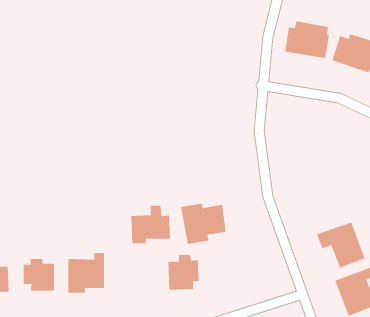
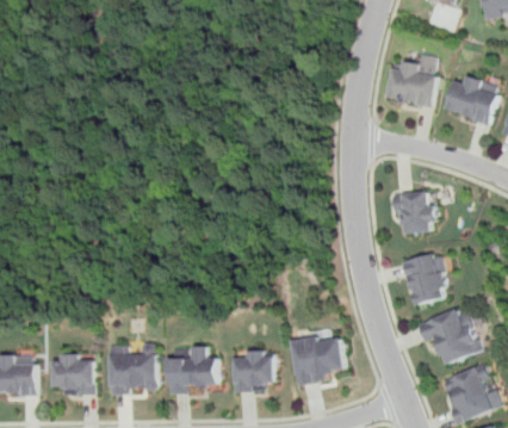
building: none -> [388,191,438,231]
building: none -> [403,252,447,306]
building: [180,203,227,245] -> [289,335,346,386]
building: [130,205,171,244] -> [169,345,219,392]

